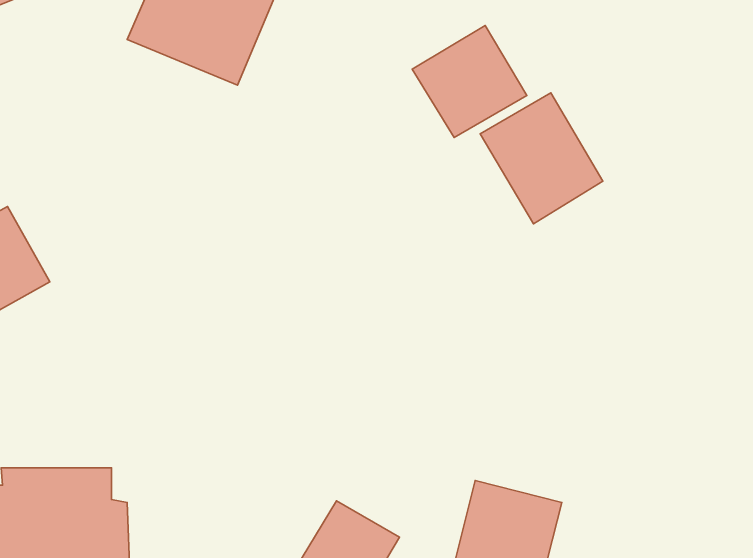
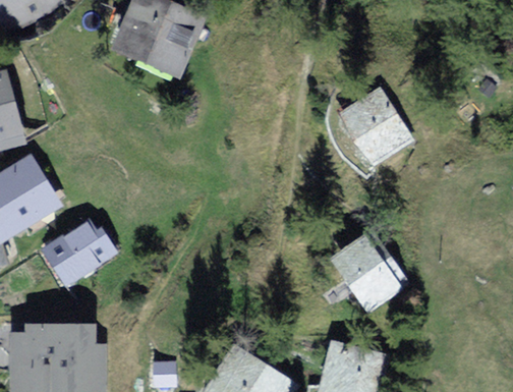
building: [412,26,527,138] -> none
building: none -> [38,216,118,292]
building: none -> [330,231,410,314]

